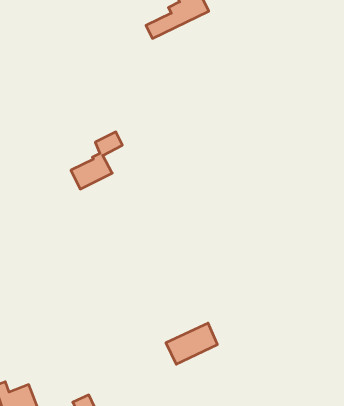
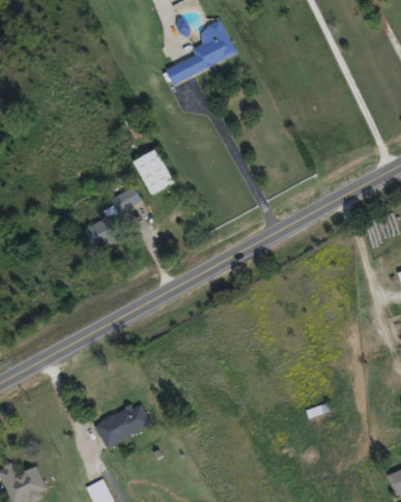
building: none -> [133,150,172,195]
building: [166,323,217,364] -> [93,402,150,447]

